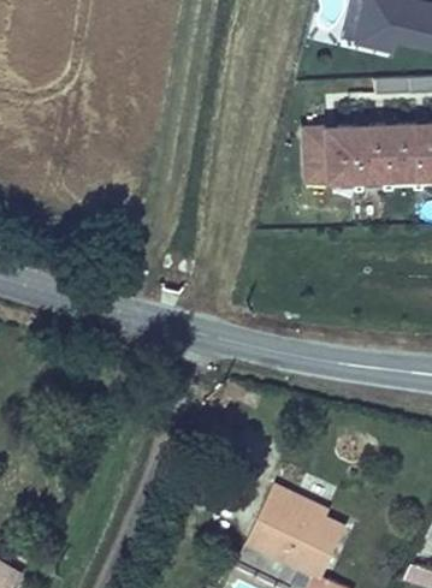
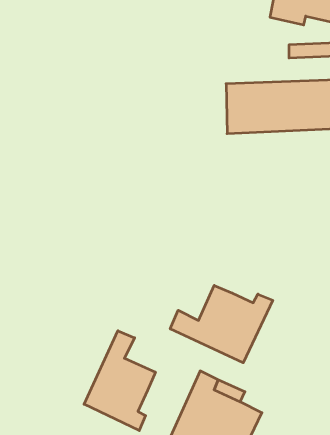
building: none -> [170,285,273,363]
building: none -> [84,331,155,431]

